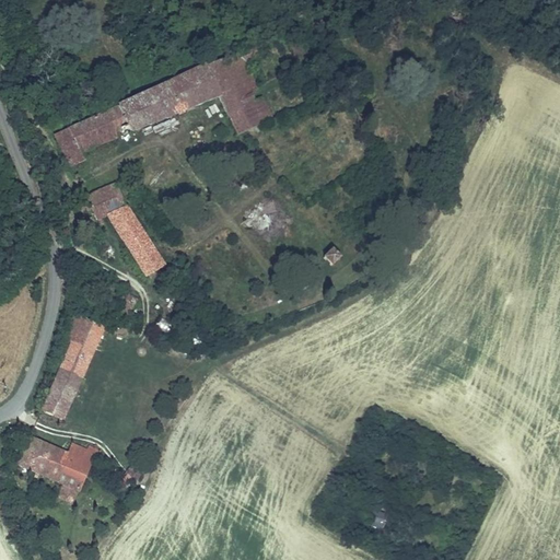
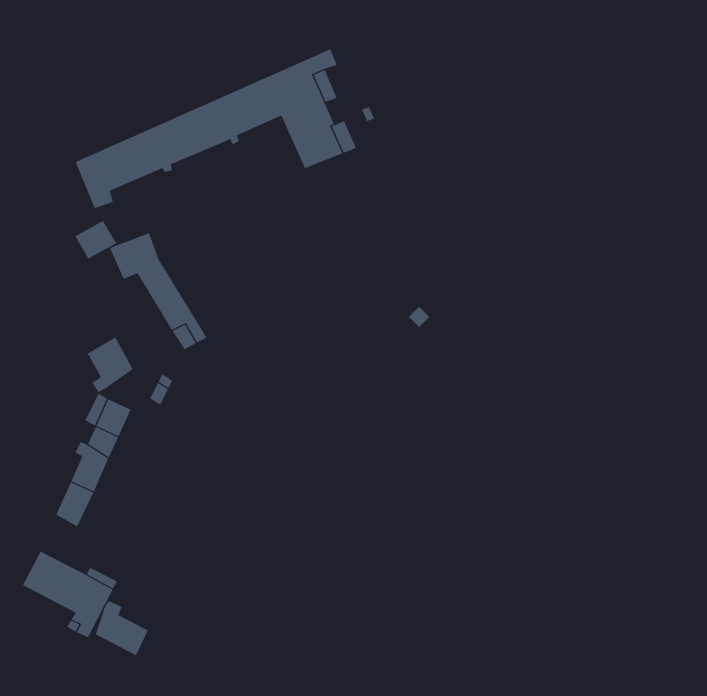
building: none -> [75,220,117,259]
building: none -> [87,337,134,393]
building: none -> [95,600,149,656]

